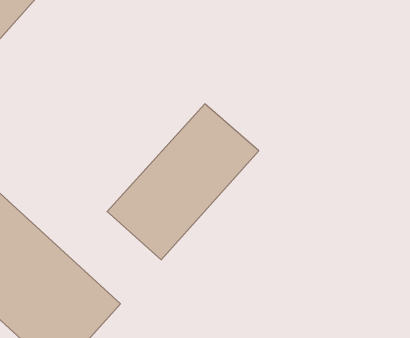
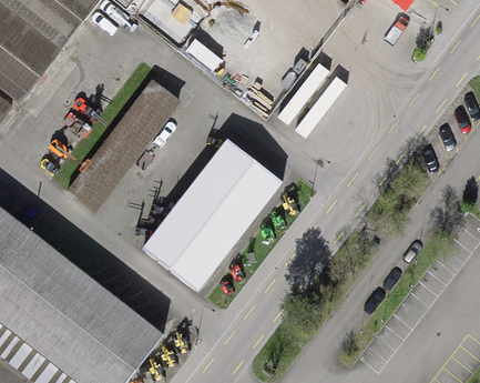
building: none -> [69,81,178,211]

